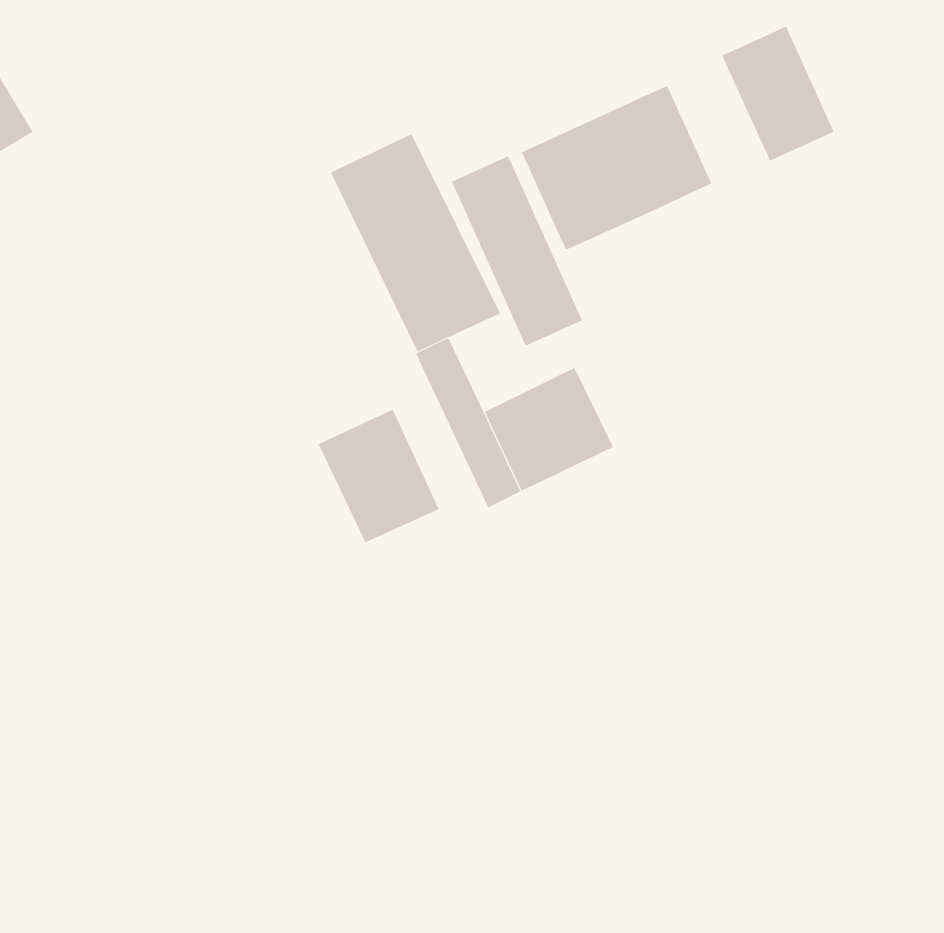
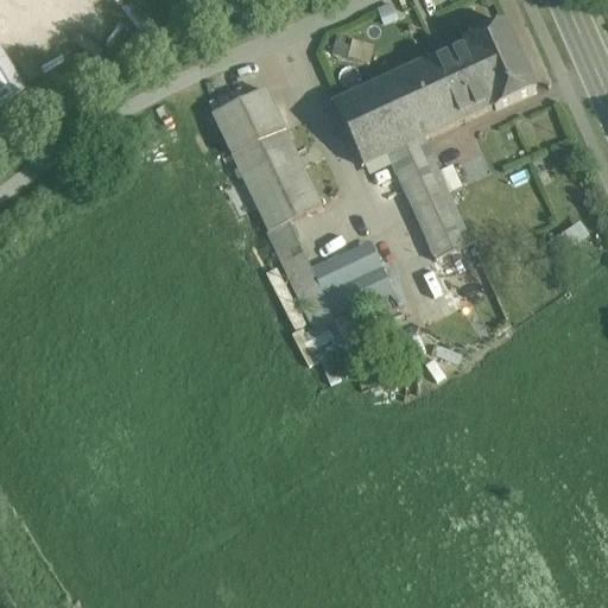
building: none -> [428,38,492,118]
building: [451,155,583,347] -> [386,133,470,255]
building: [318,409,440,543] -> none

